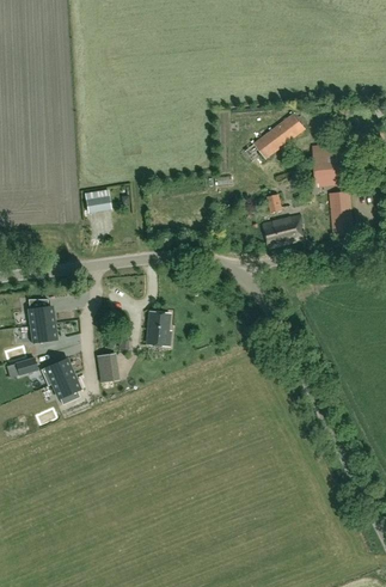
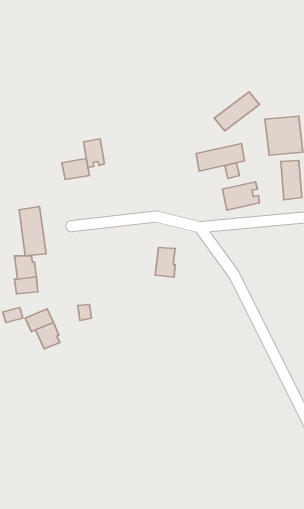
building: none -> [84,139,104,167]
building: none -> [196,143,245,171]
building: none -> [19,206,46,256]
building: [147,312,170,346] -> [155,248,175,277]

